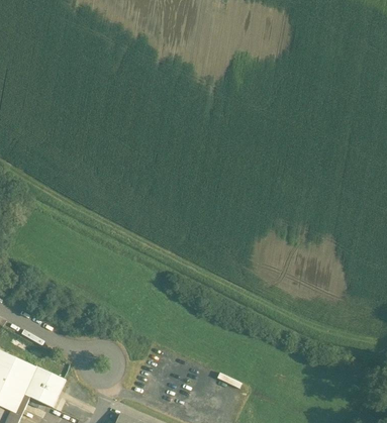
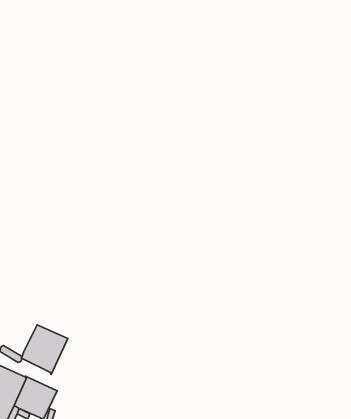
building: none -> [21,325,68,374]

